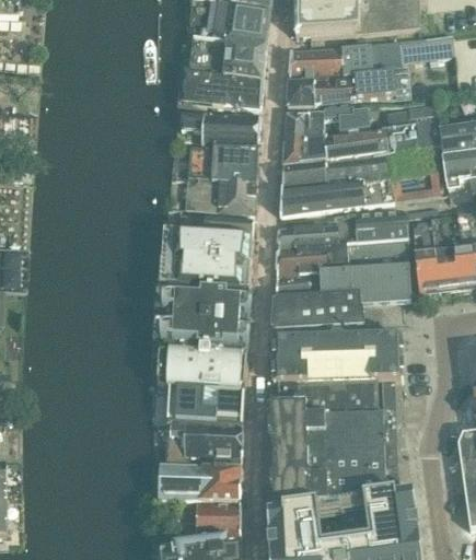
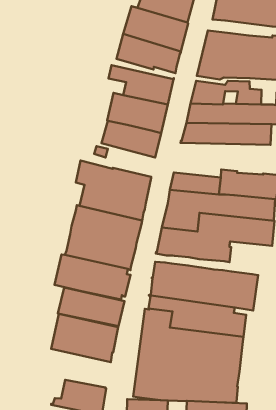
building: [279,176,394,214] -> none
building: [197,214,253,238] -> none
building: [159,466,240,502] -> none

